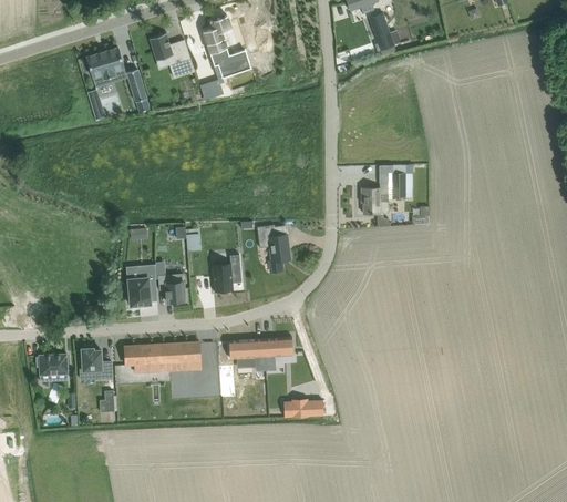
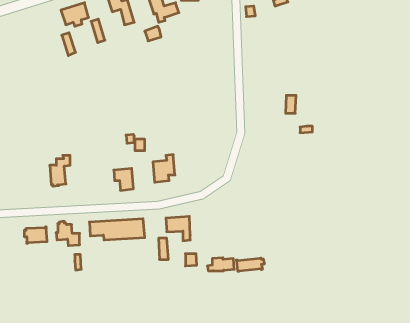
building: [361,188,389,214] -> none
building: [257,225,290,273] -> none
building: [128,266,156,308] -> [50,155,70,186]
building: [264,337,292,365] -> none
building: none -> [236,258,264,271]

